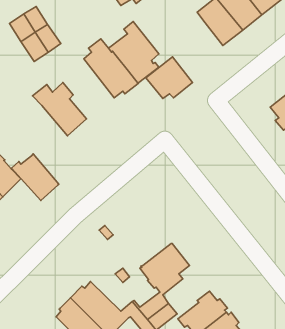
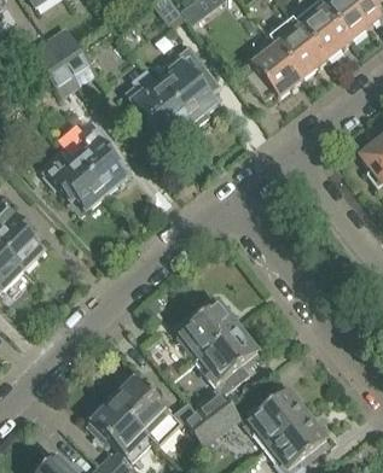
building: [146,57,192,99] -> [242,45,301,98]
building: [11,154,59,201] -> [43,153,104,212]
building: none -> [179,298,236,357]

